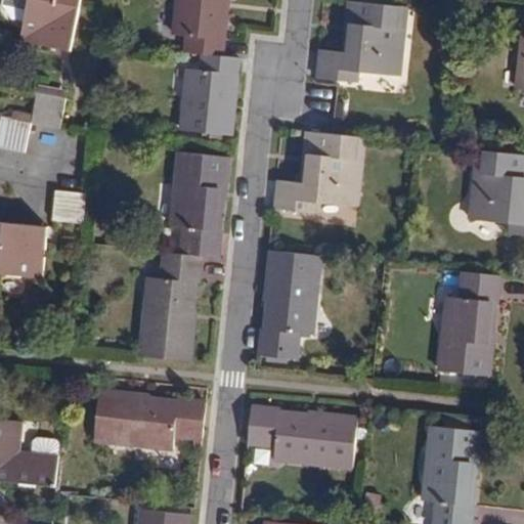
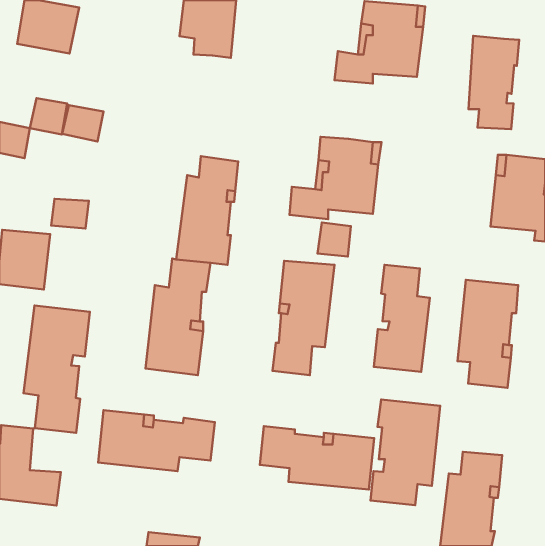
building: none -> [469,36,519,129]
building: [180,53,238,133] -> none
building: none -> [62,105,103,142]
building: none -> [318,222,351,257]
building: none -> [374,265,430,372]
building: none -> [24,306,90,433]
building: none -> [371,400,440,505]

